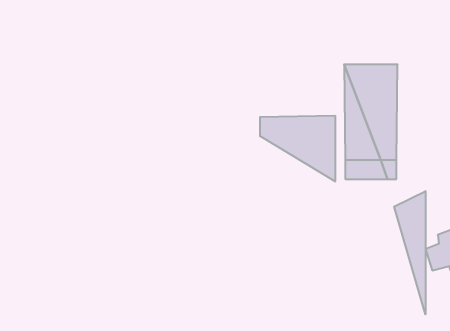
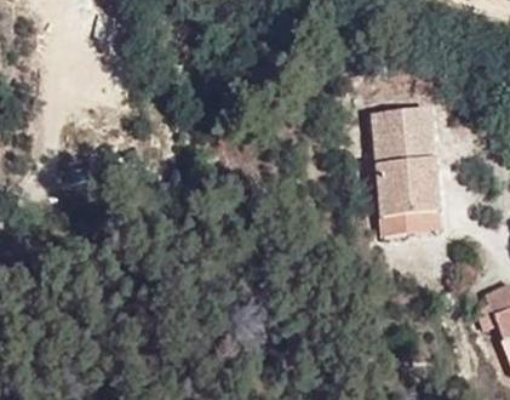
building: [260,116,335,182] -> none
building: [394,191,425,314] -> none

